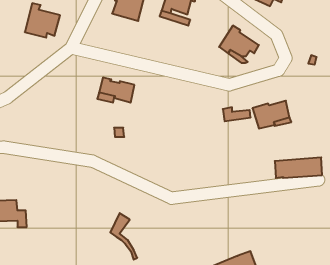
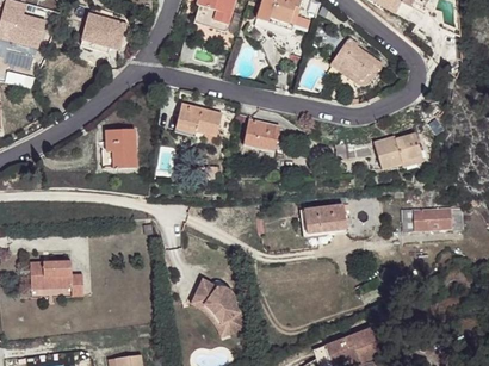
building: none -> [243,118,279,150]
building: none -> [103,128,136,168]
building: none -> [304,203,346,232]
building: none -> [203,280,247,334]

